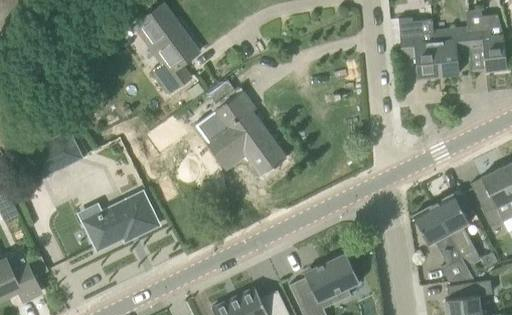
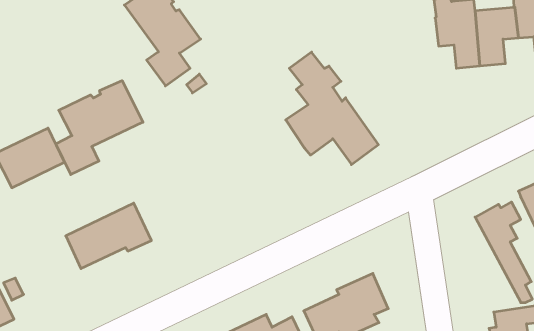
building: [206,79,285,175] -> [286,52,378,165]
building: none -> [56,81,143,175]
building: [414,205,473,282] -> none

